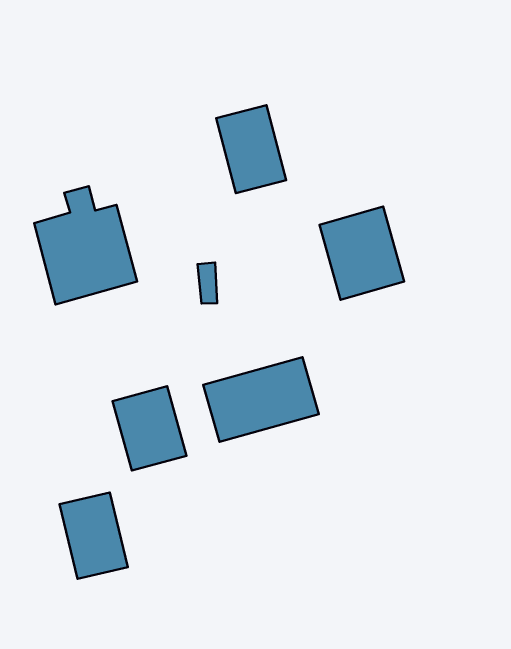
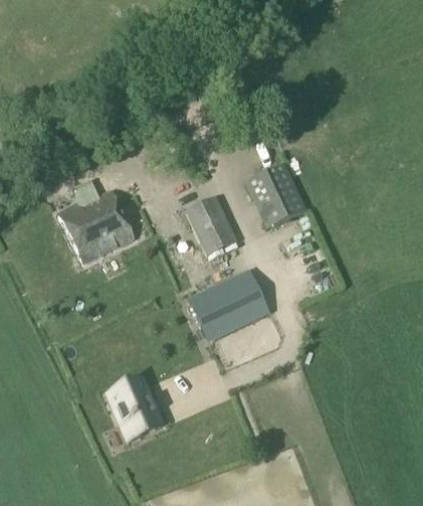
building: [216,105,286,193] -> [185,196,237,257]
building: [113,386,186,470] -> none

